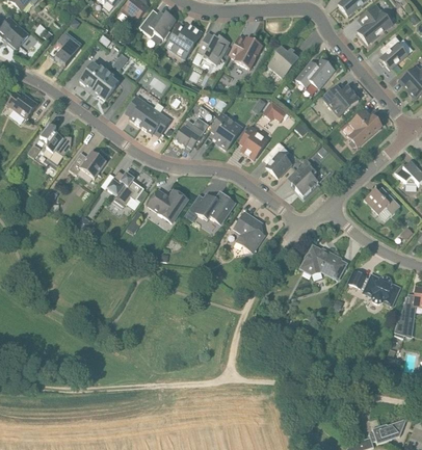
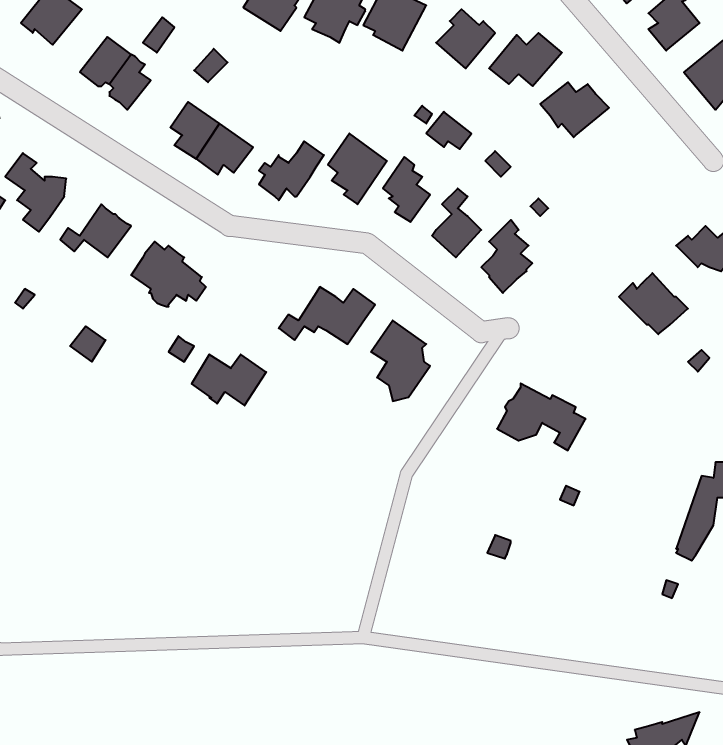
building: [343,108,381,145] -> none
building: [149,188,188,215] -> [192,354,266,406]
building: [349,268,400,303] -> none

